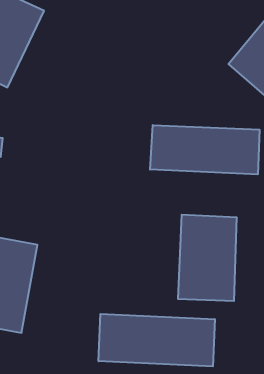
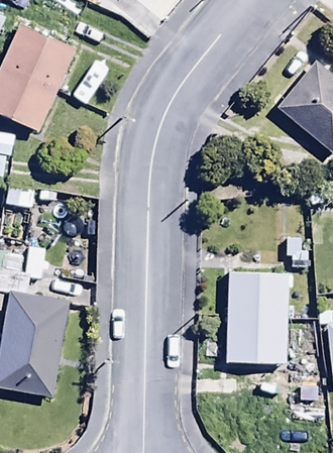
building: [150,125,259,174] -> none
building: [99,314,215,366] -> none

